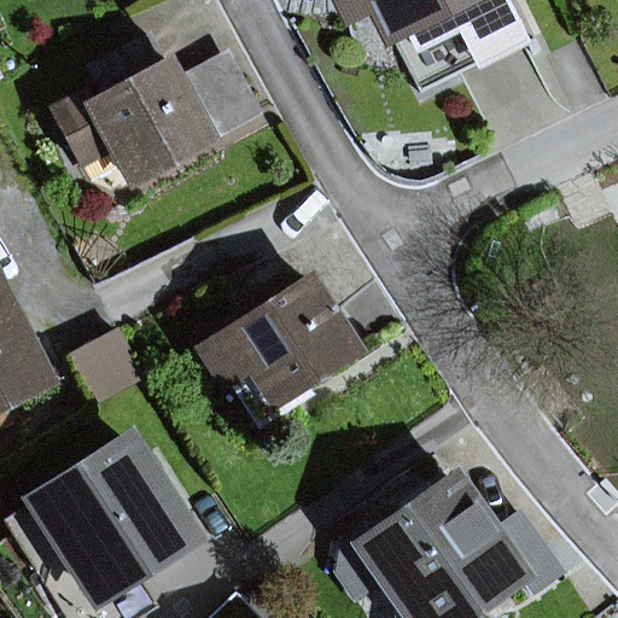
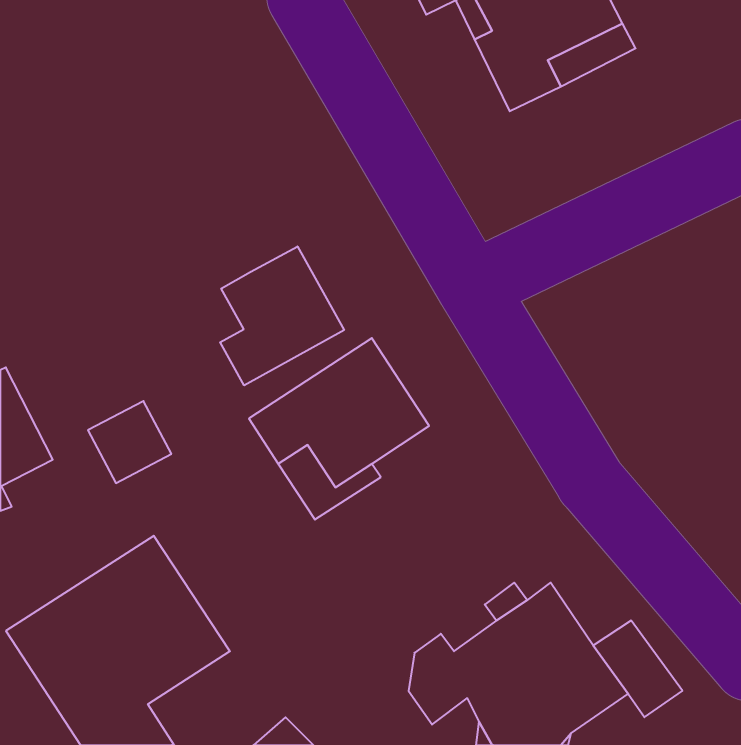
building: [59,33,263,180] -> none
building: none -> [220,246,344,385]

